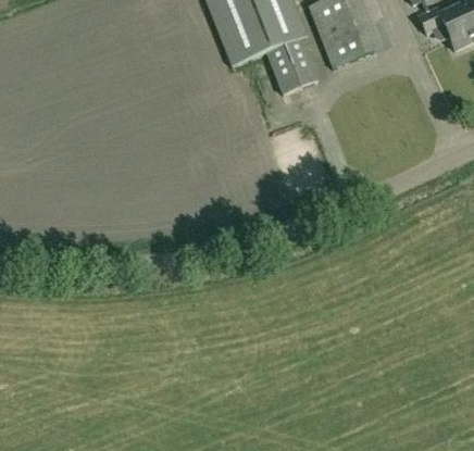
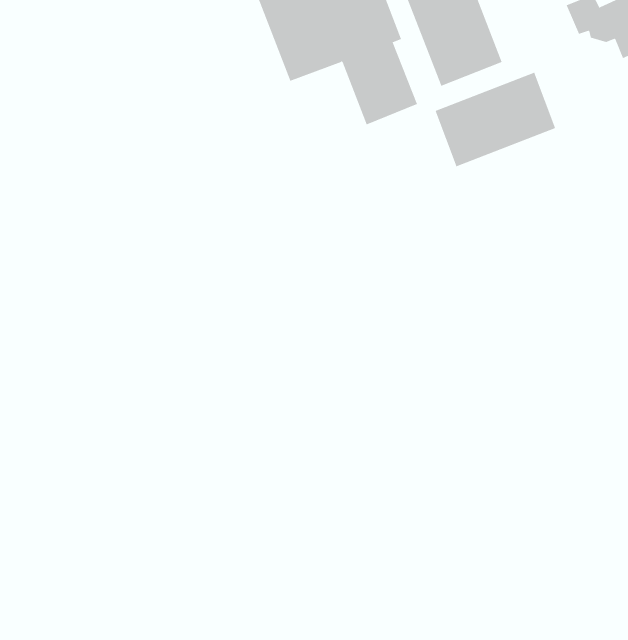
building: none -> [435,72,556,167]

